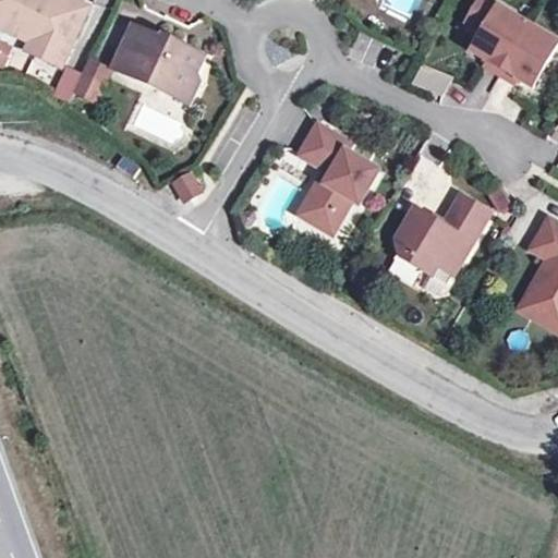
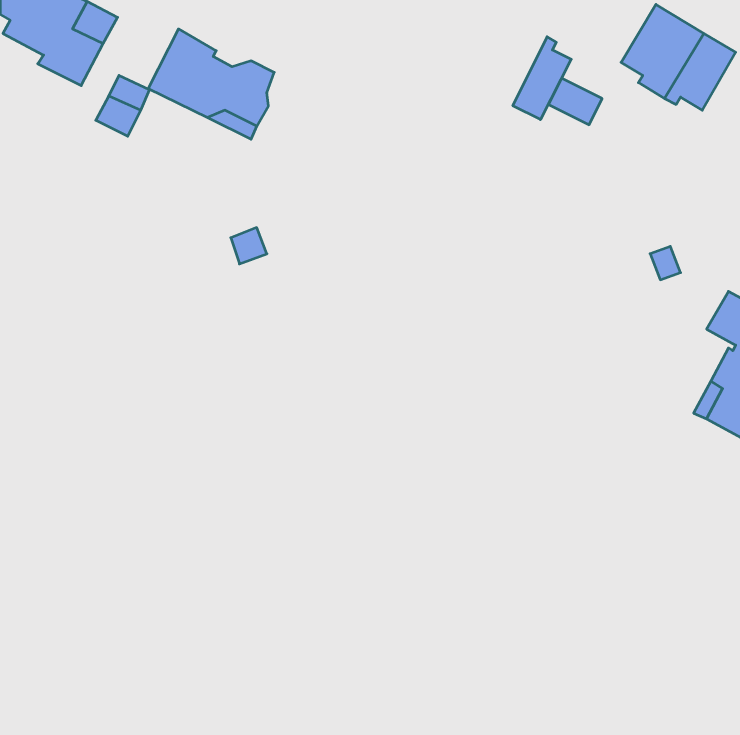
building: none -> [513,37,571,120]
building: [295,119,375,225] -> none
building: [393,196,486,275] -> none

